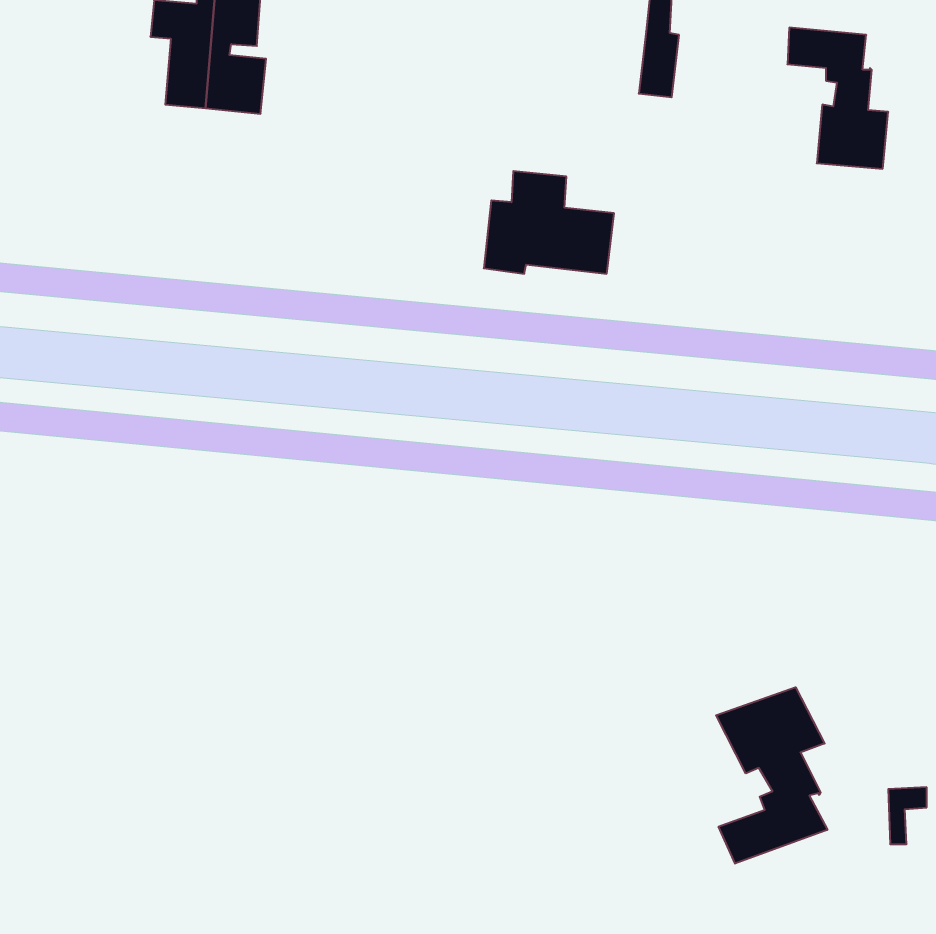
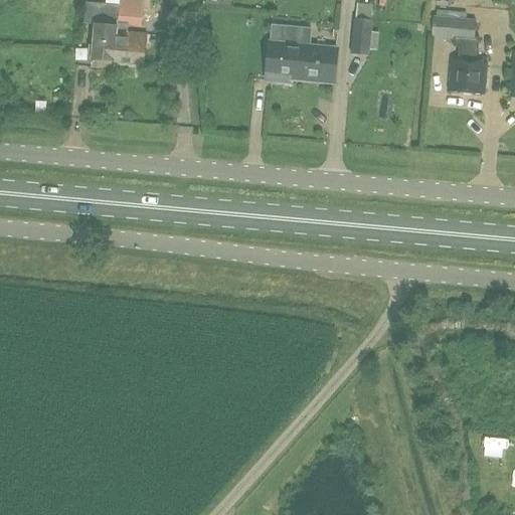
building: [484,171,614,274] -> [266,24,337,80]
building: [716,687,827,864] -> none

